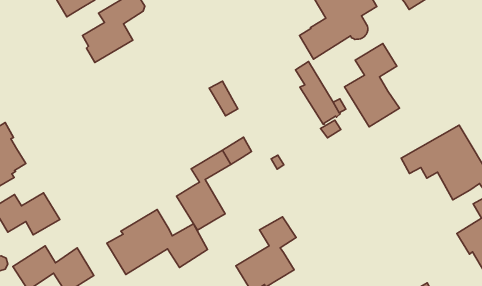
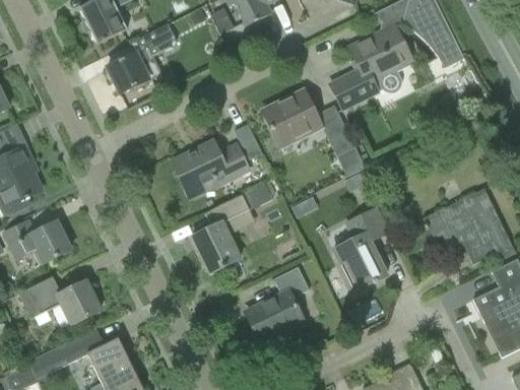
building: [345,44,399,127] -> [332,208,387,291]
building: none -> [262,91,320,145]
building: none -> [171,141,248,198]
building: [107,209,207,275] -> none

